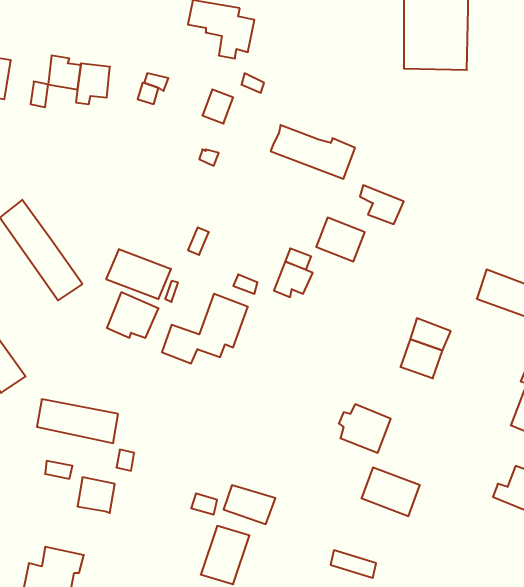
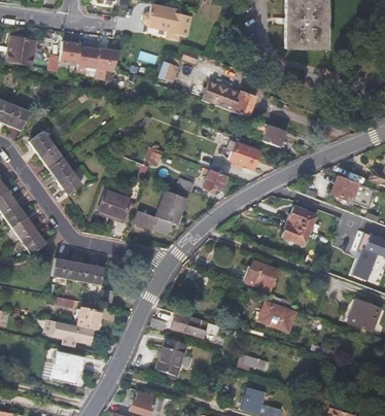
building: none -> [96,45,119,76]
building: [106,249,171,299] -> none
building: none -> [47,320,96,347]

